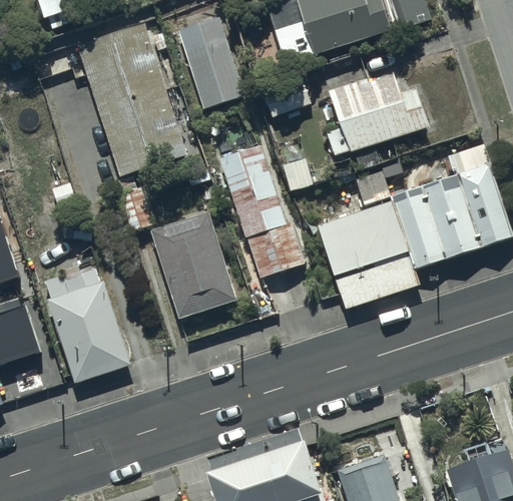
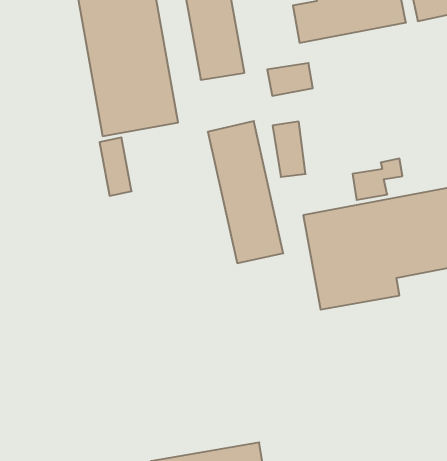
building: [327,69,432,157] -> none
building: [148,206,237,317] -> none
building: [43,269,131,383] -> none

